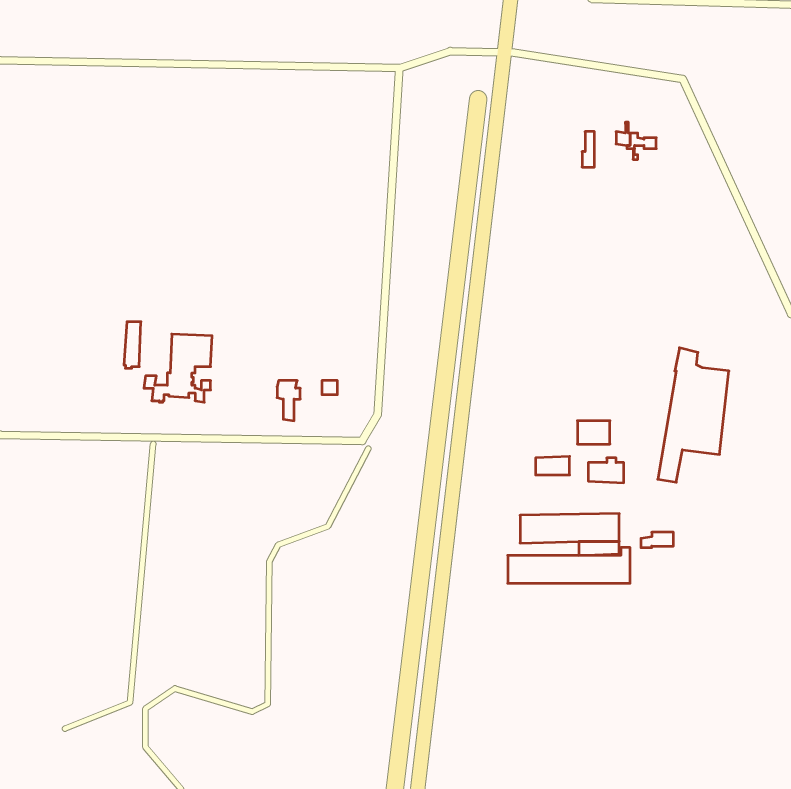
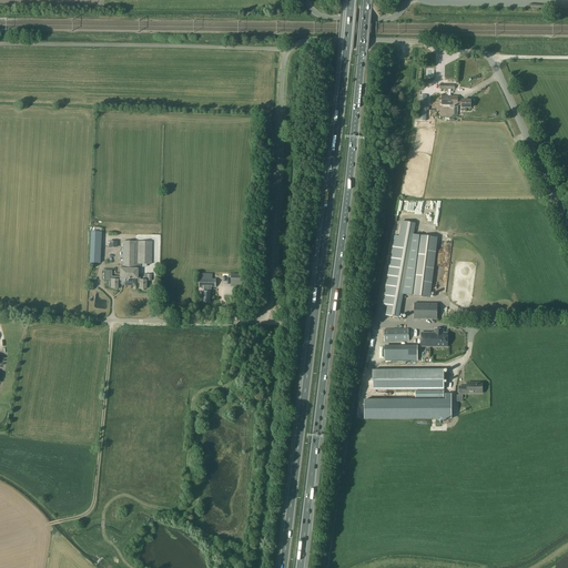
building: [658,348,729,482] -> [386,220,437,316]
building: none -> [384,344,417,359]

